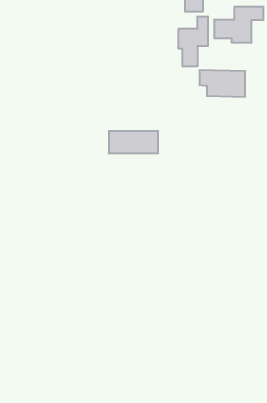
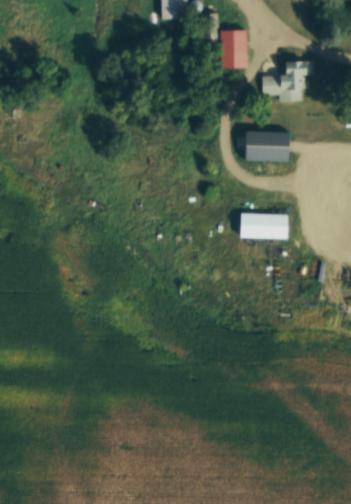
building: [179,16,208,66] -> none
building: [109,131,158,153] -> [235,213,290,238]

